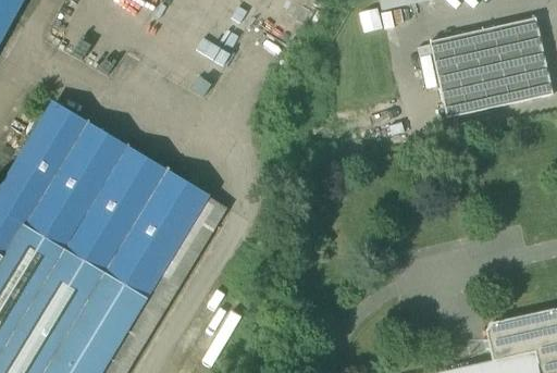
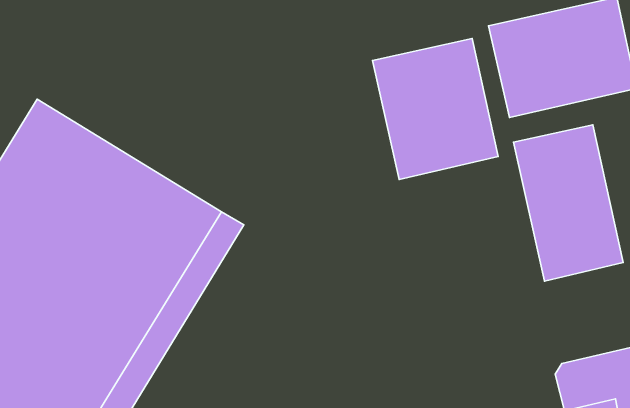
building: none -> [372,39,498,180]
building: none -> [514,125,623,281]

